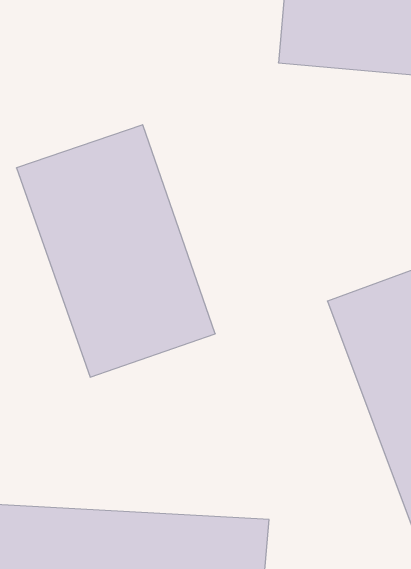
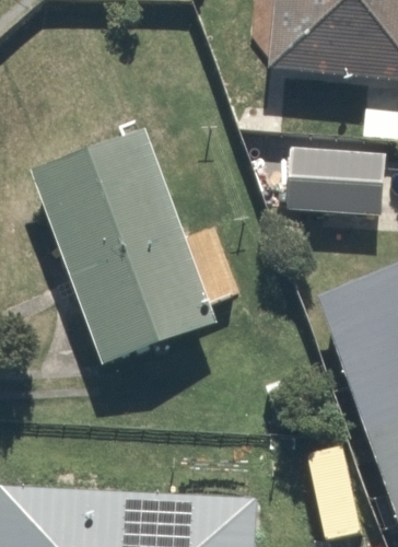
building: none -> [286,135,381,212]

